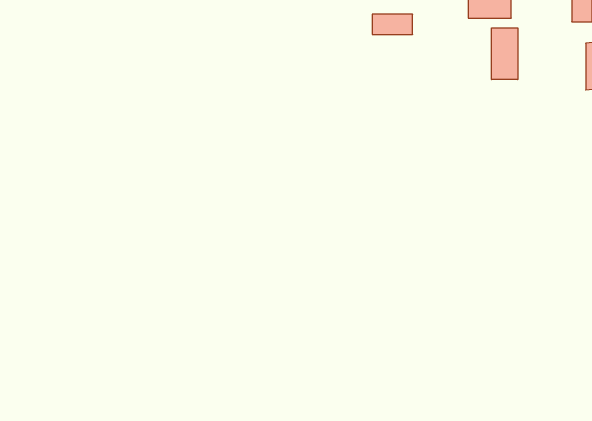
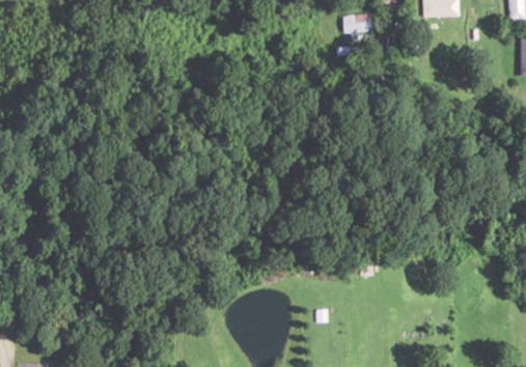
building: [492,28,518,80] -> none

